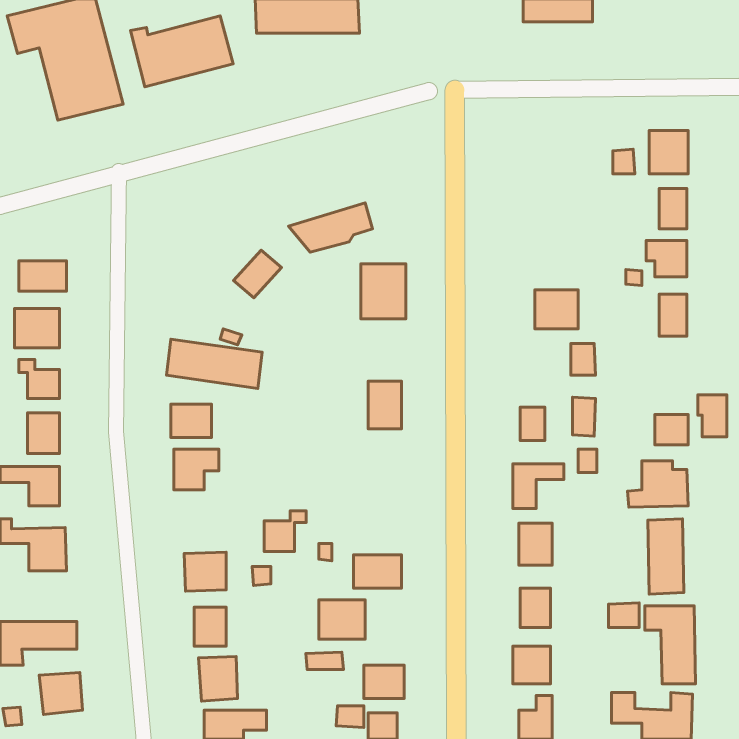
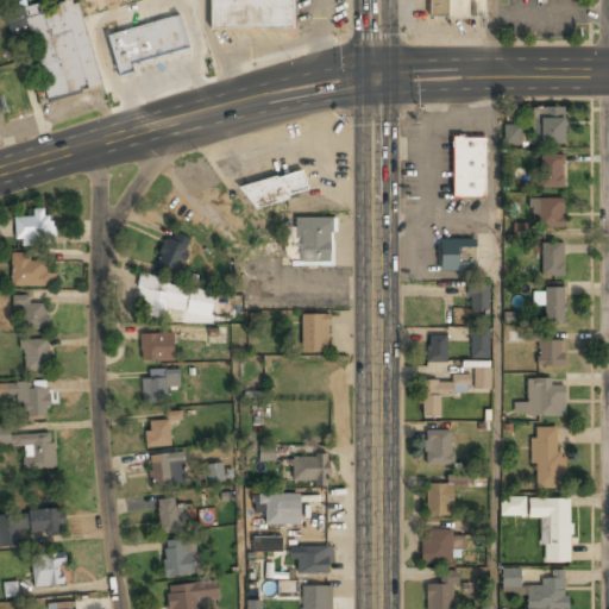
building: none -> [454,136,486,197]
building: [234,250,281,298] -> [156,231,195,270]
building: [698,395,727,437] -> [542,287,566,321]
building: [264,511,306,551] -> [147,412,182,445]

